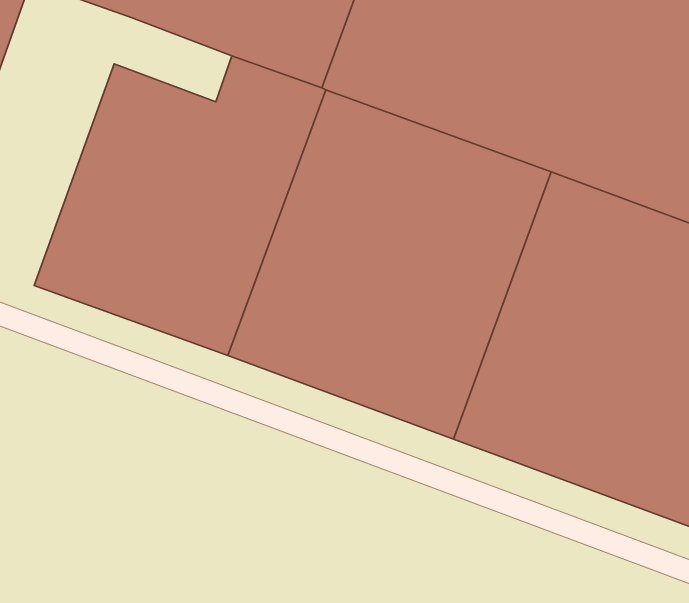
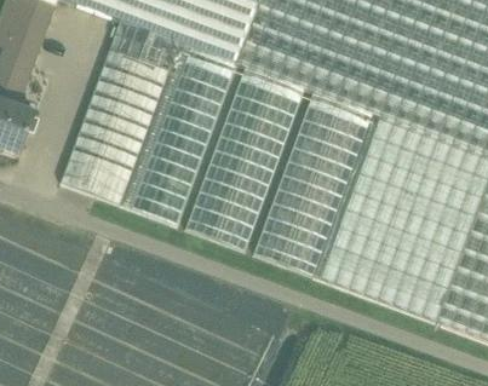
building: none -> [108,19,179,70]

